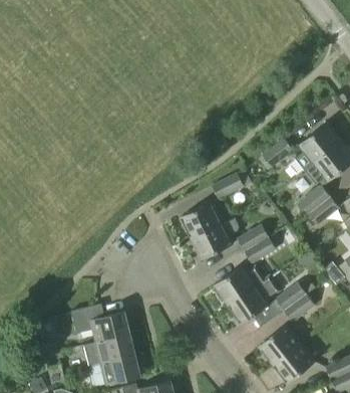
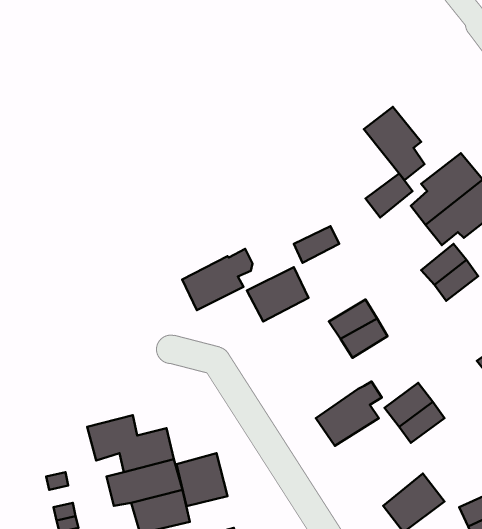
building: none -> [364,107,424,180]
building: [191,218,239,260] -> [182,249,252,310]
building: [214,266,260,306] -> none
building: [258,326,300,366] -> none
building: none -> [176,453,228,506]

